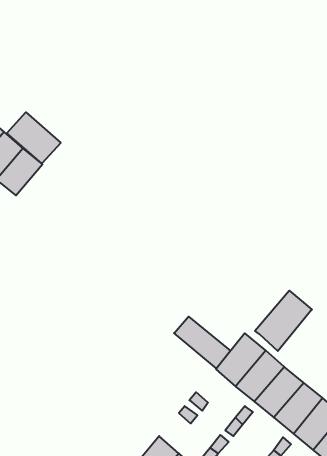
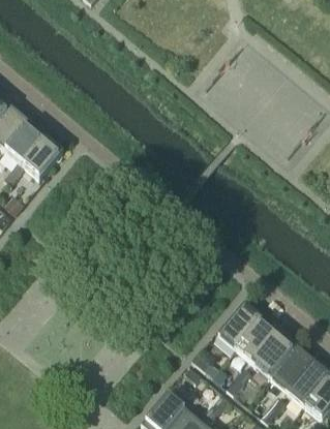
building: [7,112,61,164] -> none
building: [255,291,312,351] -> none
building: [174,317,230,368] -> none

